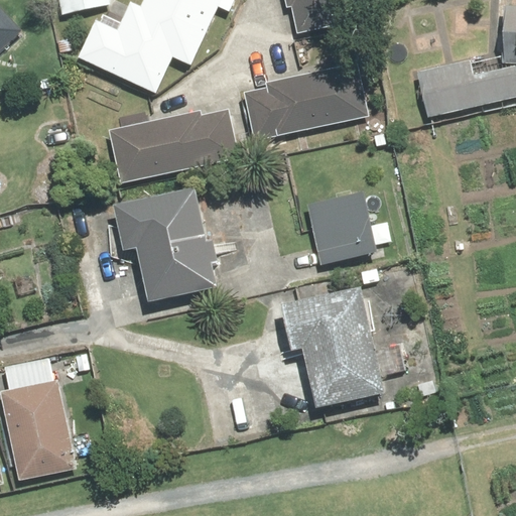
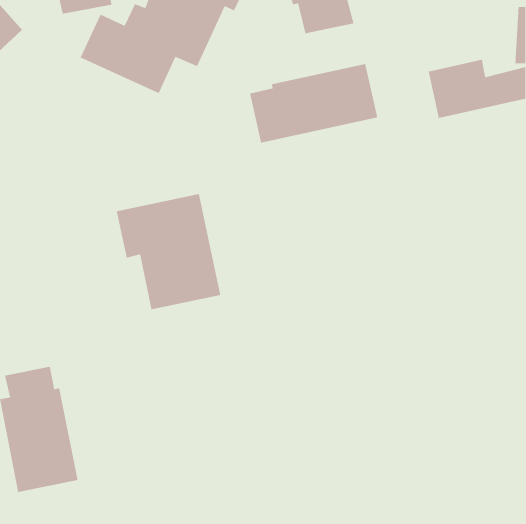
building: [108,109,238,181] -> none
building: [306,190,377,263] -> none
building: [280,288,384,409] -> none

